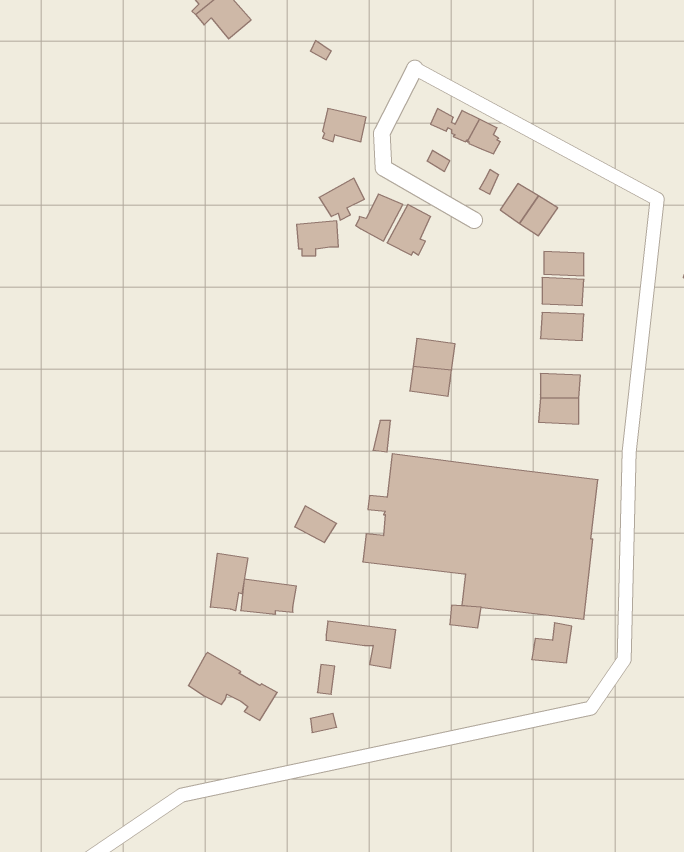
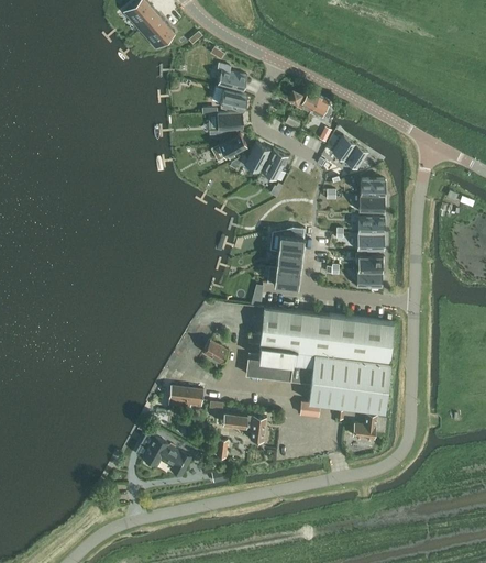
building: none -> [217,65,247,92]
building: [297,221,338,256] -> [217,112,243,134]
building: none -> [357,234,384,252]
building: none -> [268,266,300,287]
building: [210,553,248,611] -> none

